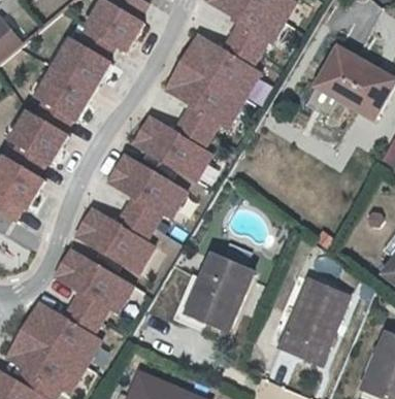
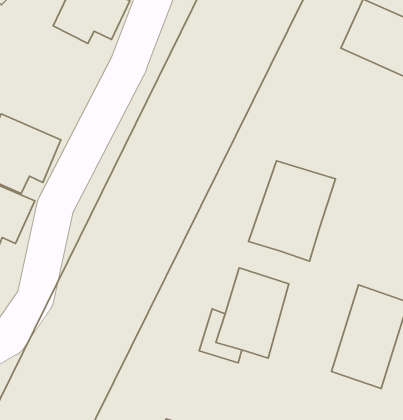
building: [37,39,113,123] -> none
building: none -> [248,161,335,261]

